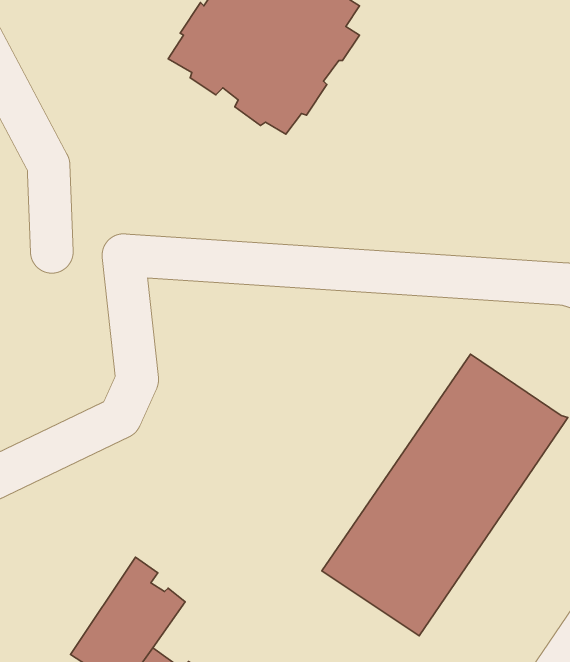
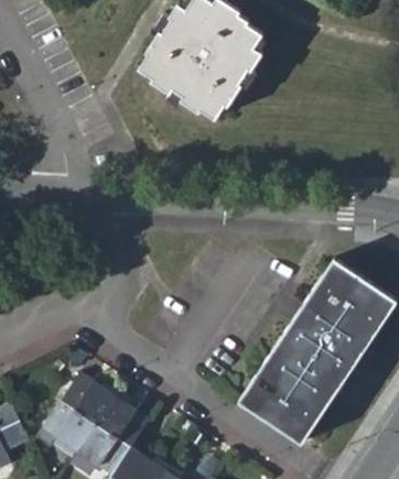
building: none -> [41,371,118,454]

